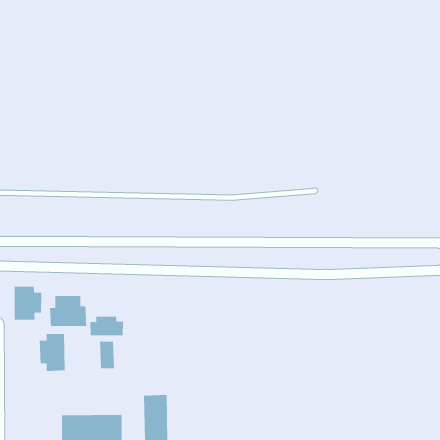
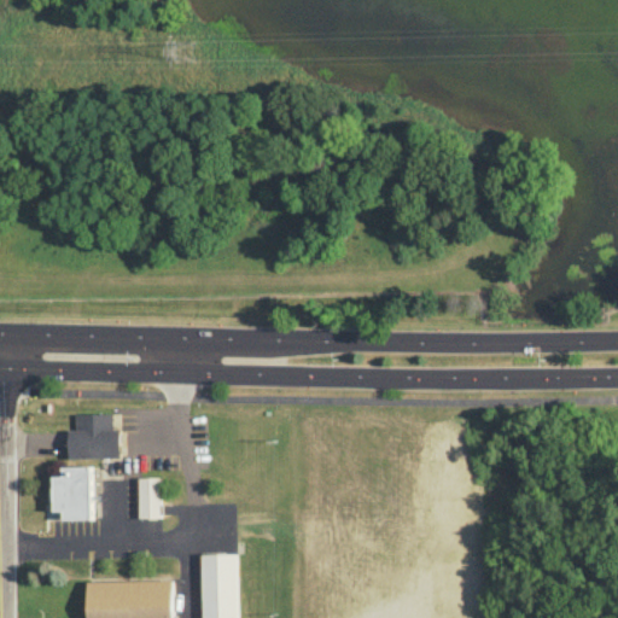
building: [14,286,42,320] -> none
building: [89,316,124,336] -> none

